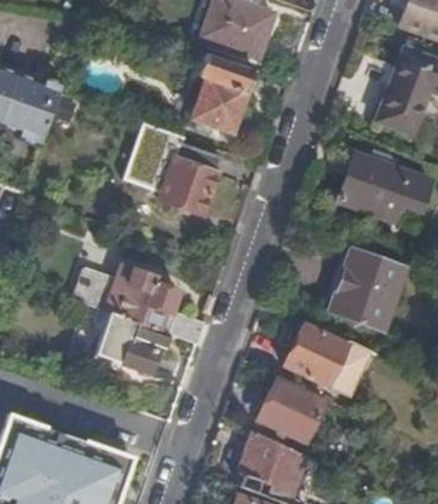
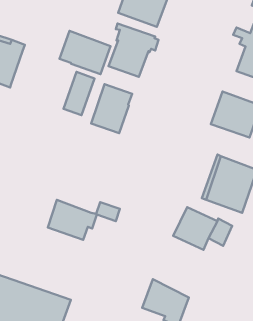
building: none -> [59,31,110,74]
building: [75,263,180,331] -> none
building: [258,378,325,441] -> none

